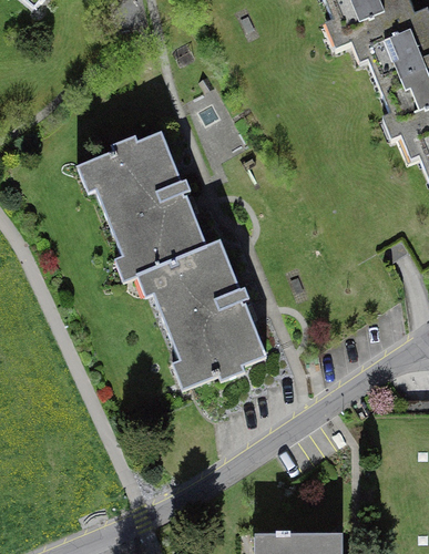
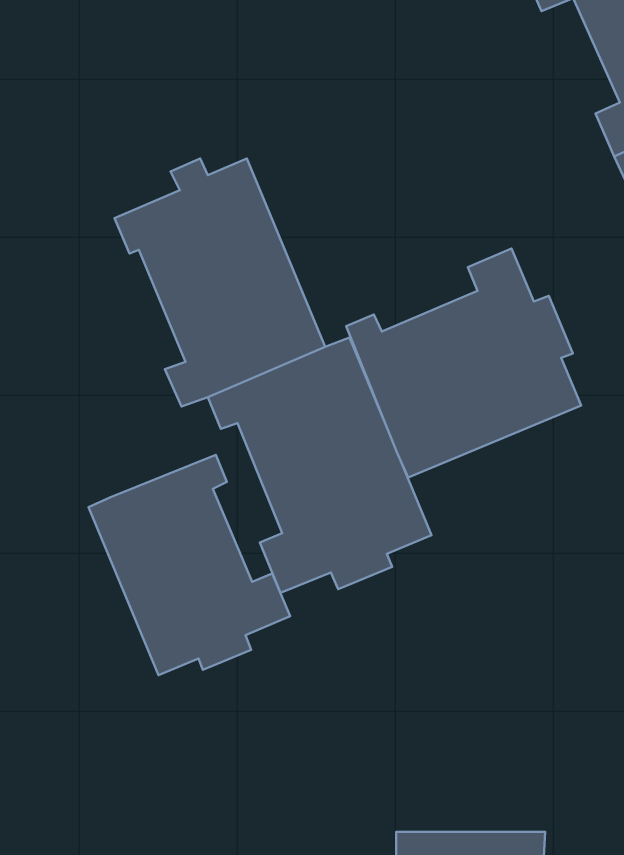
building: none -> [346,248,581,477]
building: none -> [89,455,290,675]

